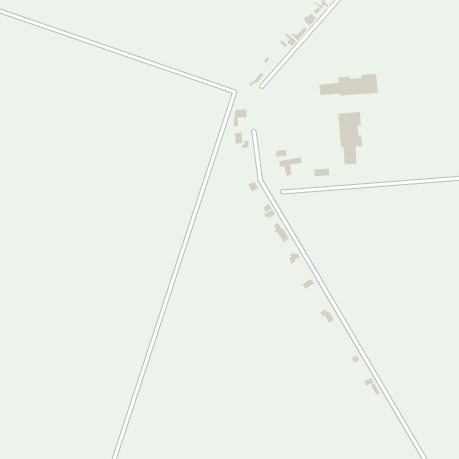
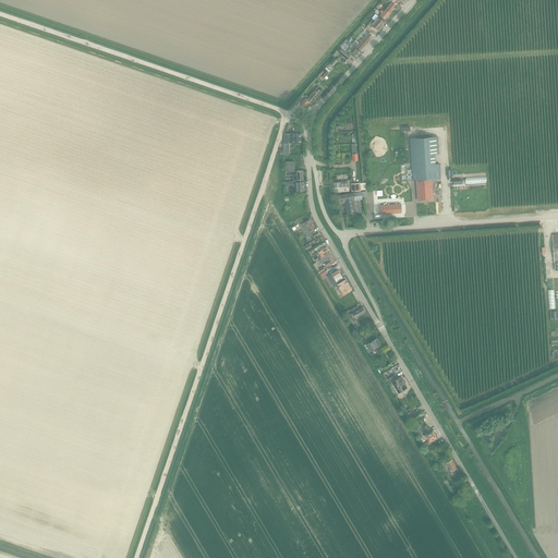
building: [319,73,378,96] -> none

